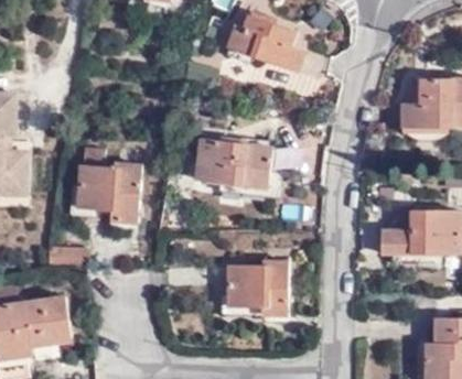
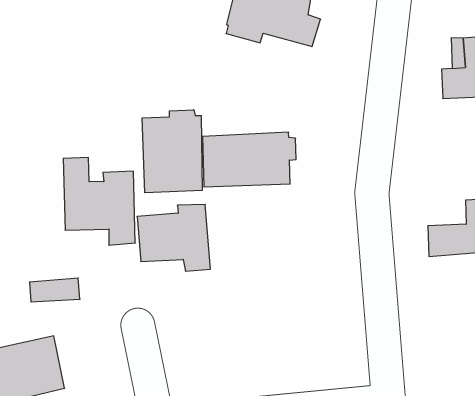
building: none -> [142,110,202,193]
building: [228,259,286,314] -> [137,204,210,271]

